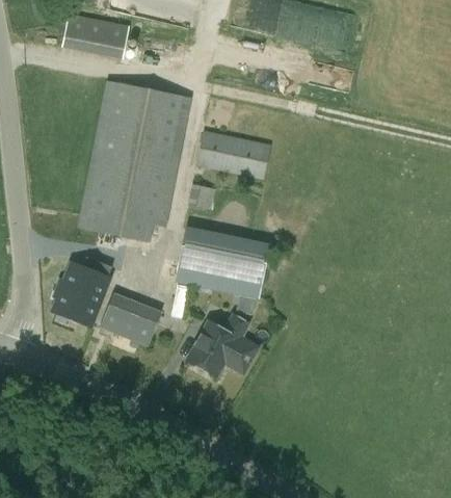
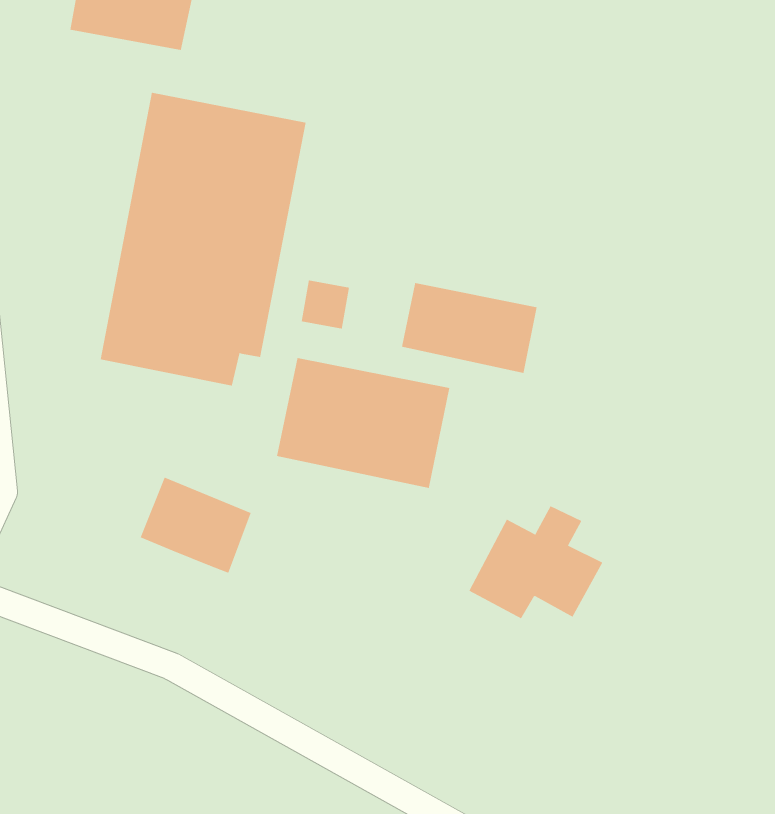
building: [196,130,271,180] -> [401,282,538,373]
building: [55,260,111,321] -> none
building: [187,314,261,376] -> [469,506,603,619]

